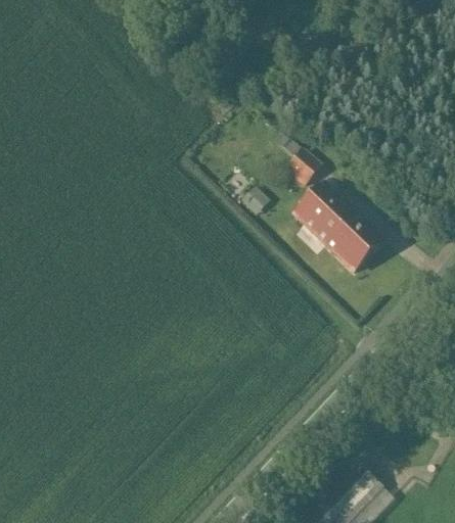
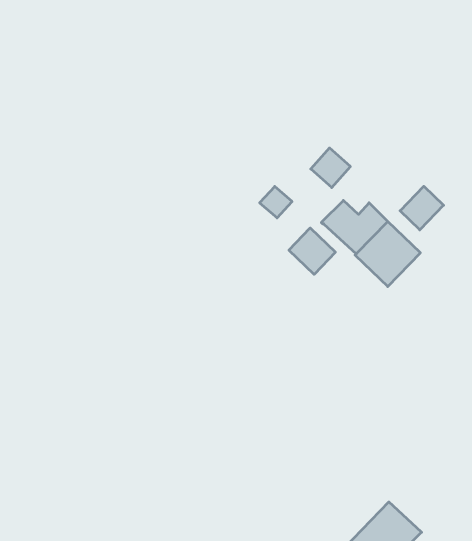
building: none -> [400,186,444,230]
building: none -> [289,228,335,274]

